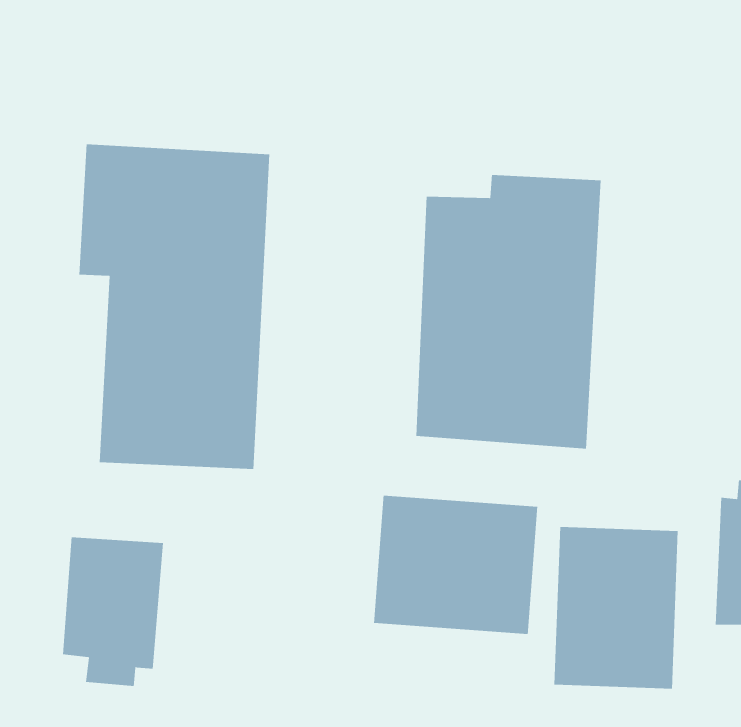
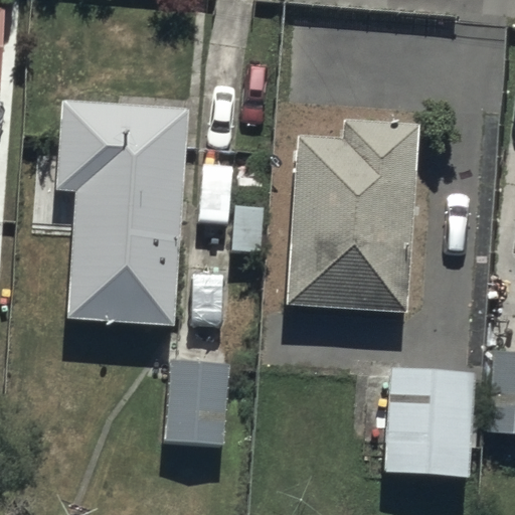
building: [374,495,538,635] -> none
building: [62,537,164,687] -> [159,356,229,460]

